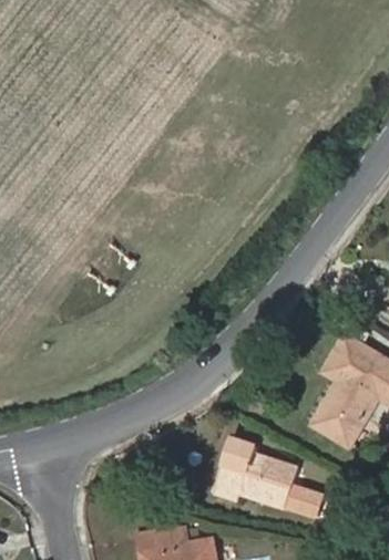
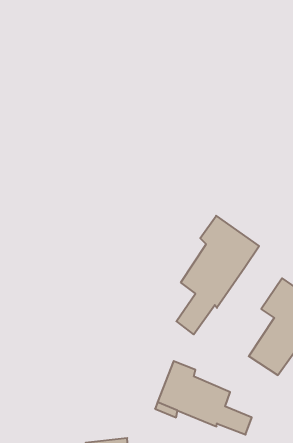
building: none -> [176,216,259,334]

